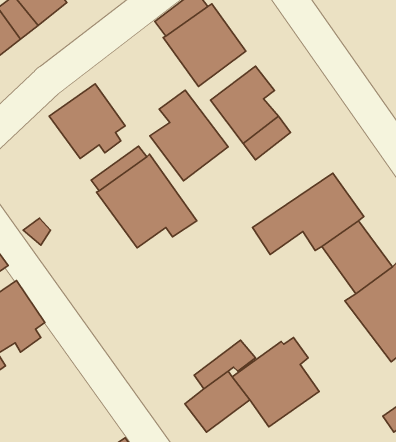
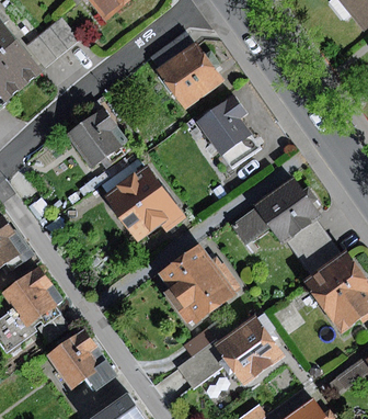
building: [150,90,228,181] -> none
building: none -> [158,244,240,325]
building: none -> [46,328,117,392]

